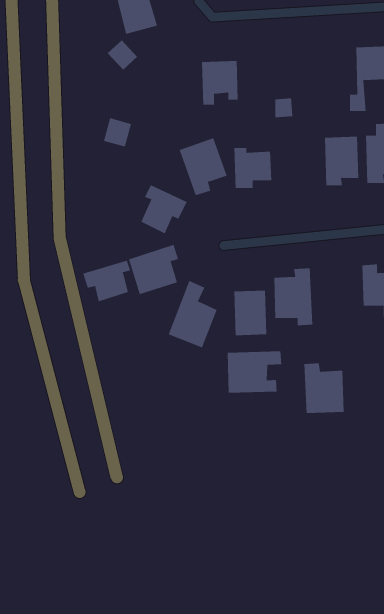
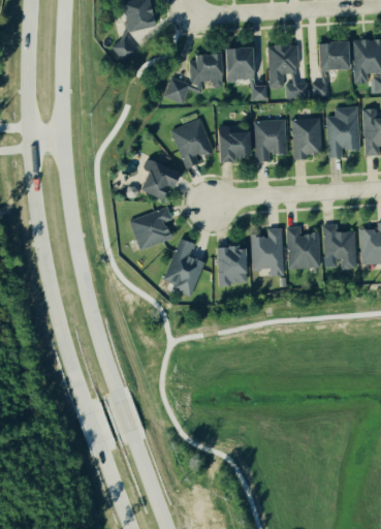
building: none -> [268,45,309,99]
building: none -> [225,49,253,82]
building: [103,118,132,147] -> [166,79,190,103]
building: none -> [255,120,287,161]
building: [83,260,131,302] -> none
building: [227,350,282,394] -> none
building: [303,363,344,414] -> [287,226,321,269]

